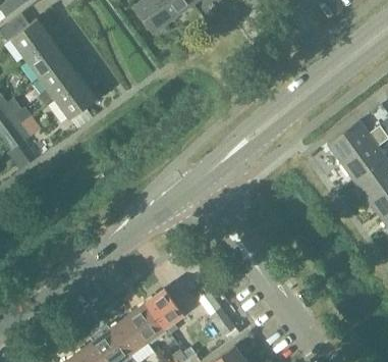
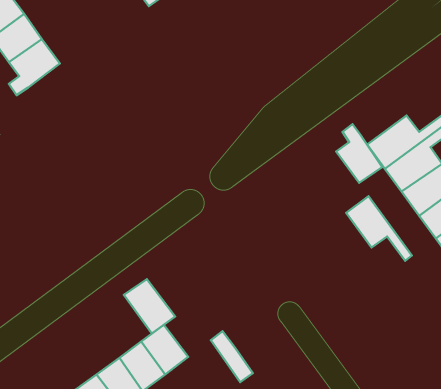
building: [55,80,96,119] -> none
building: none -> [336,124,382,183]
building: none -> [346,196,412,261]
building: none -> [124,279,175,334]

